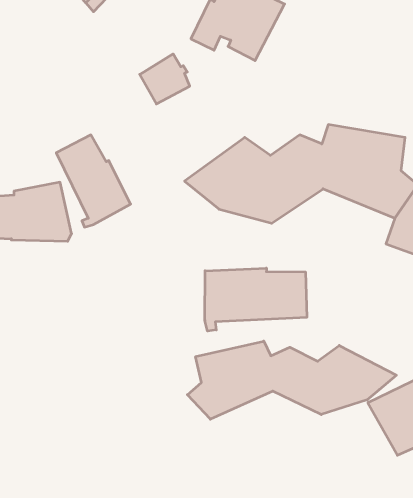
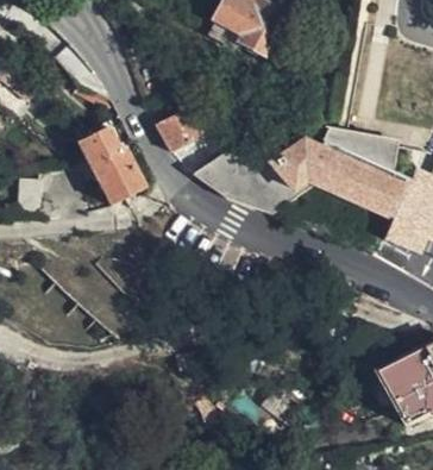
building: [140,54,190,104] -> [153,108,200,155]
building: [205,268,307,331] -> none
building: [187,341,396,419] -> none

